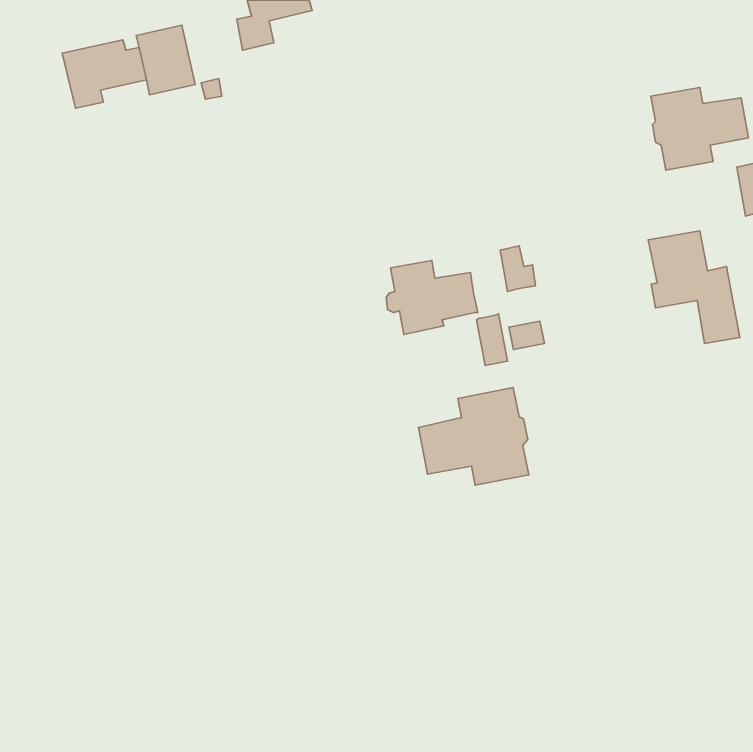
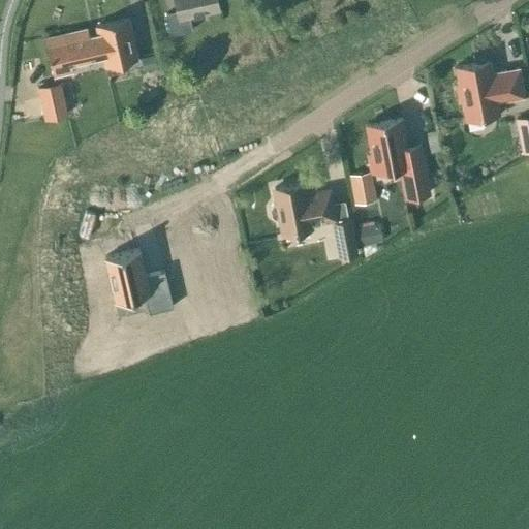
building: none -> [38,82,70,120]
building: [648,231,740,343] -> [367,121,431,199]
building: none -> [106,251,174,315]
building: [419,388,529,485] -> none

